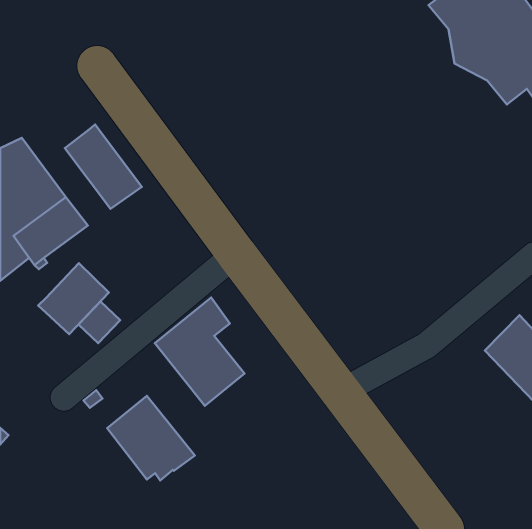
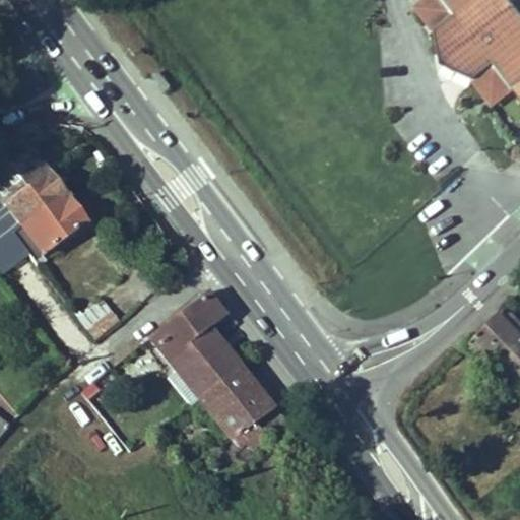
building: [65,125,142,209] -> none
building: [38,263,109,334] -> none
building: [107,396,195,480] -> [201,364,286,446]

